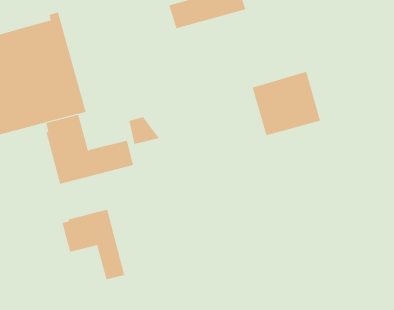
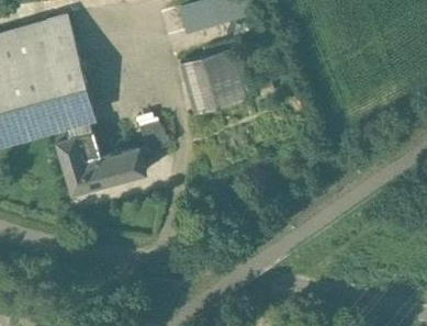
building: [252,71,321,136] -> [180,46,250,112]
building: [62,209,125,280] -> none

